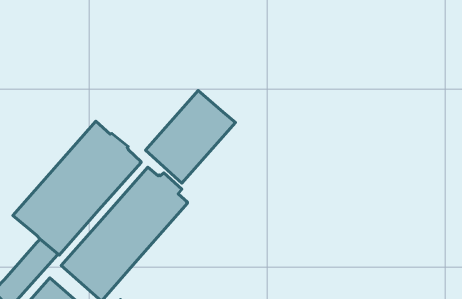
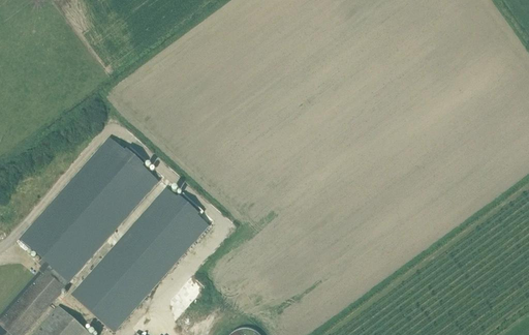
building: [145,91,236,183] -> none

